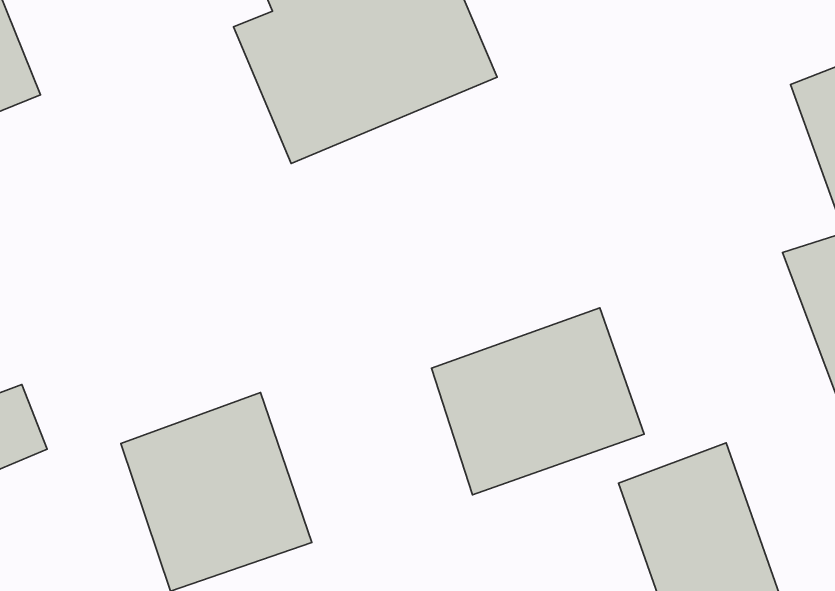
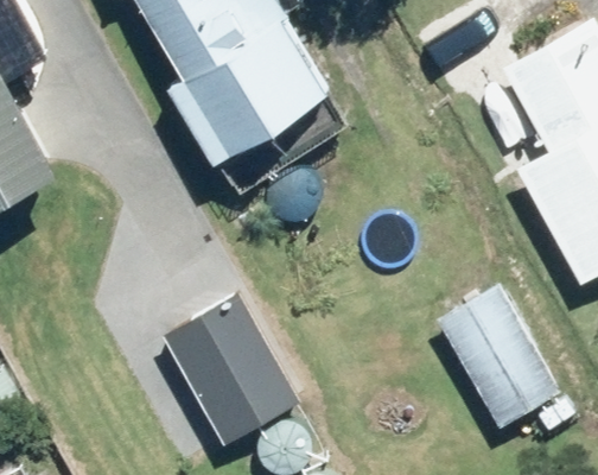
building: [431,308,644,495] -> none

